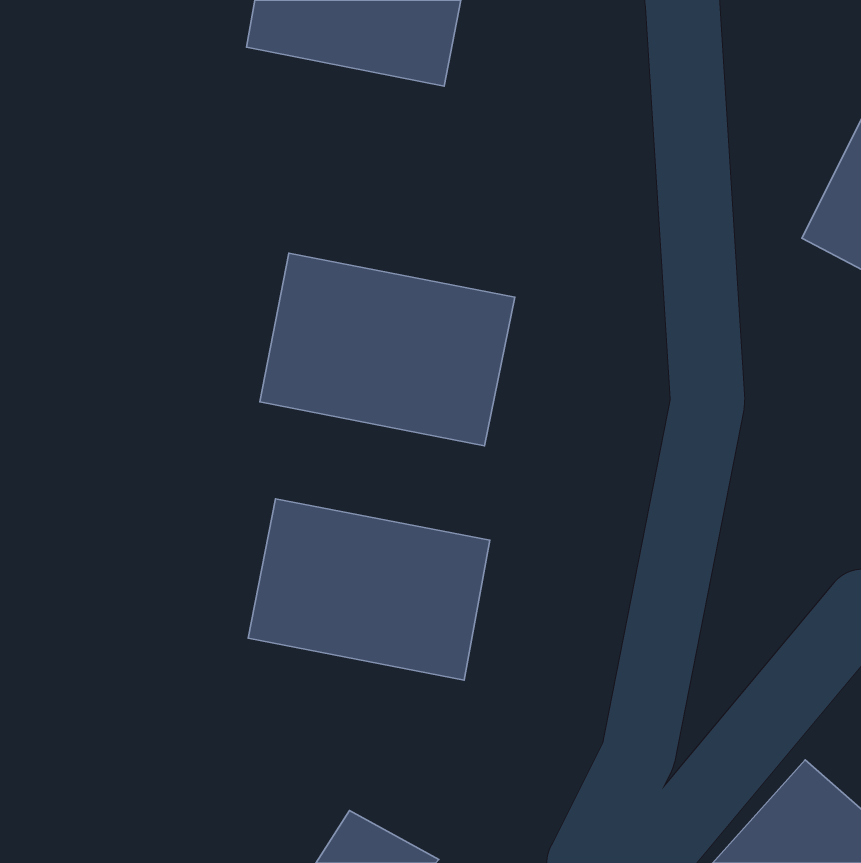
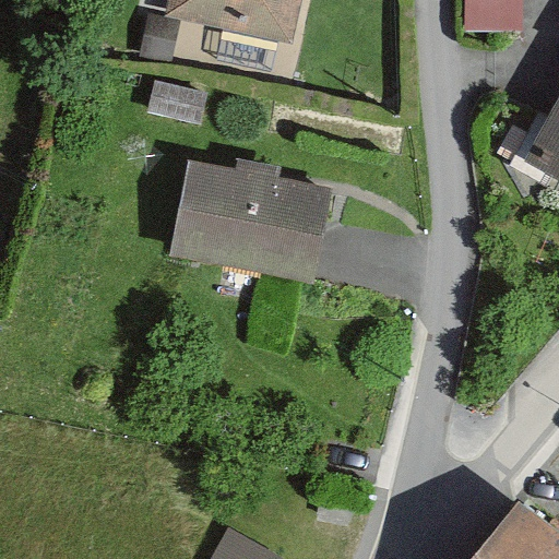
building: [248,499,490,680] -> none

